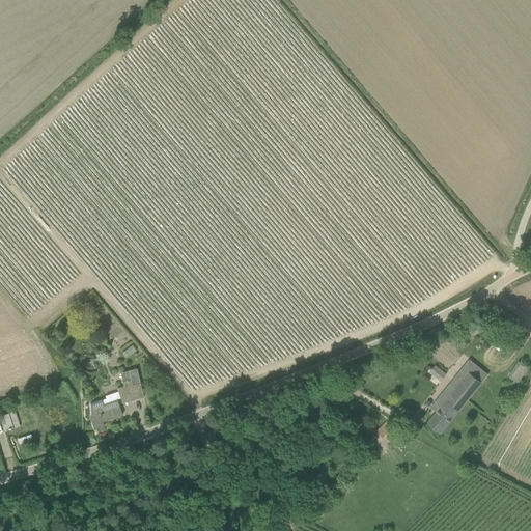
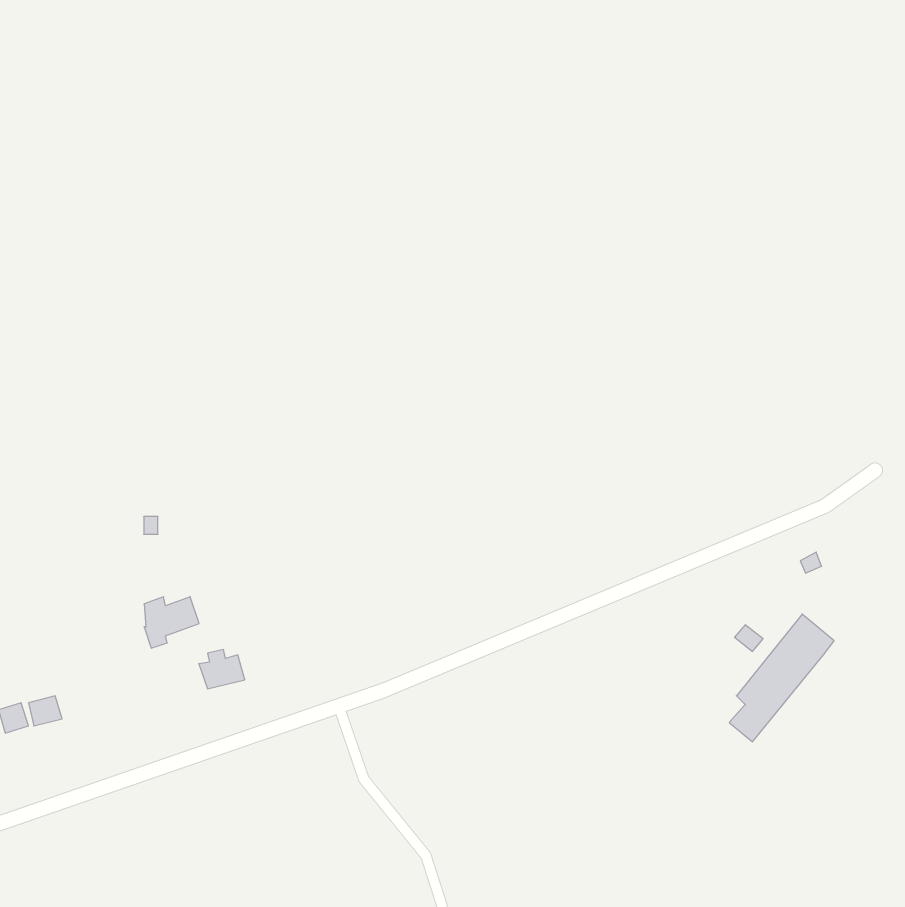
building: [89,399,121,429] -> [144,597,199,648]

